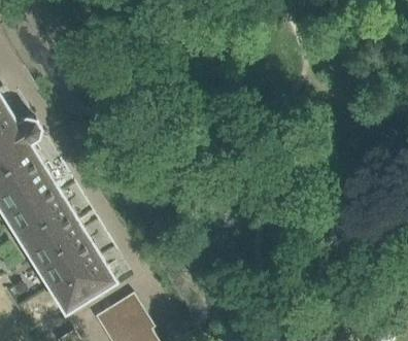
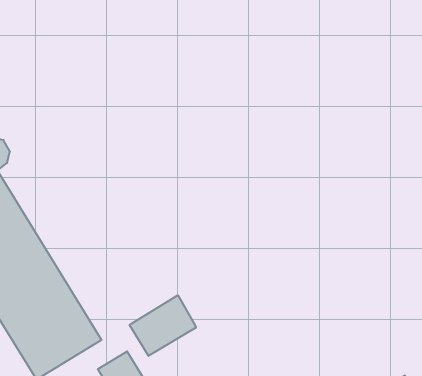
building: none -> [130,295,196,356]

